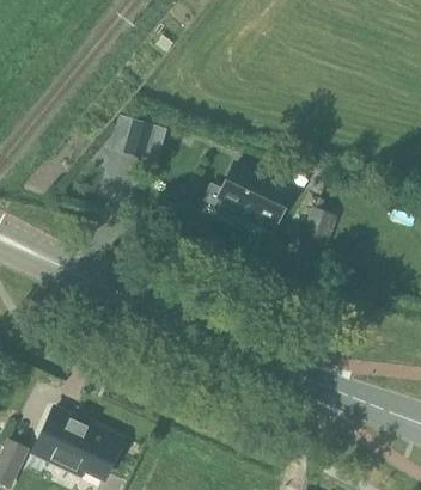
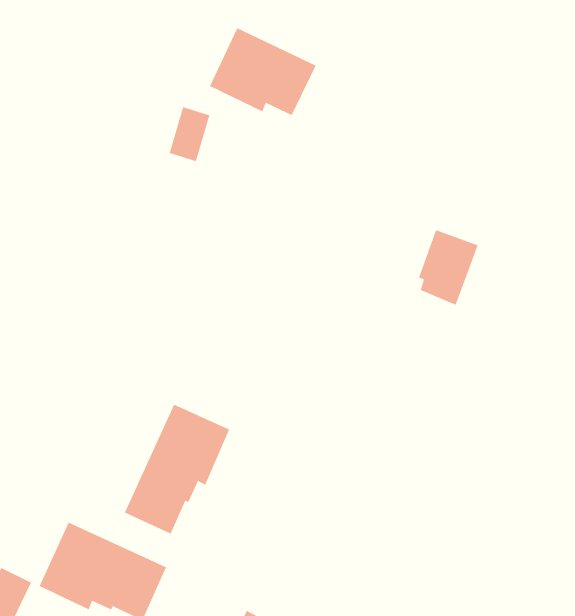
building: [216,167,291,228] -> [209,27,316,116]
building: none -> [124,404,230,534]

